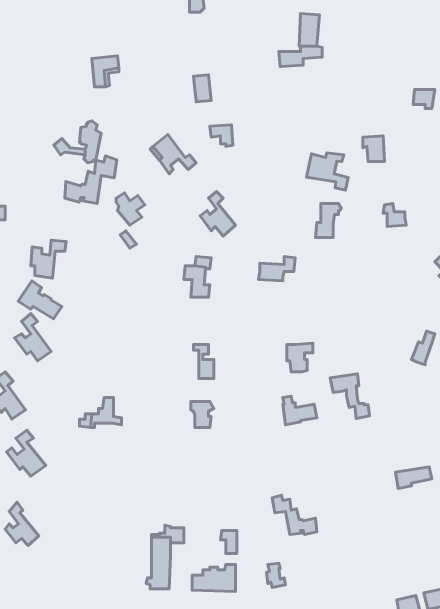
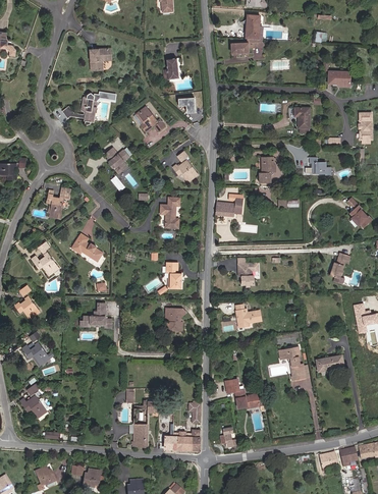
building: [307,153,348,190] -> none
building: [65,156,117,203] -> none
building: [18,281,62,319] -> [70,231,103,260]
building: [330,374,370,418] -> [279,345,309,379]

